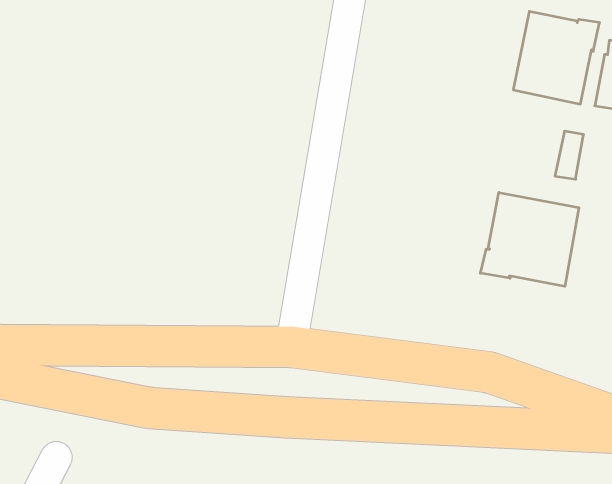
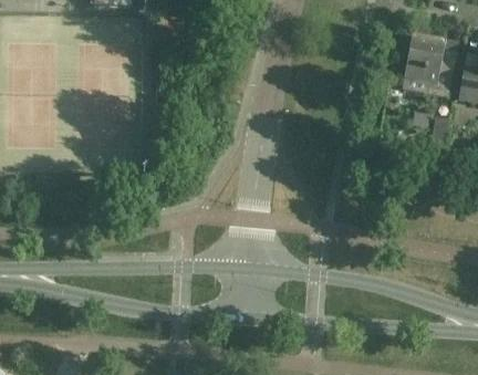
building: [480,192,579,286] -> none

